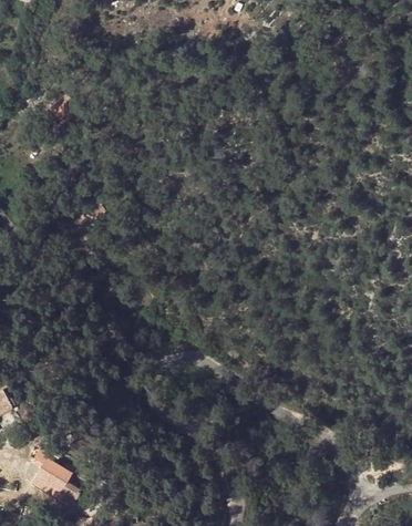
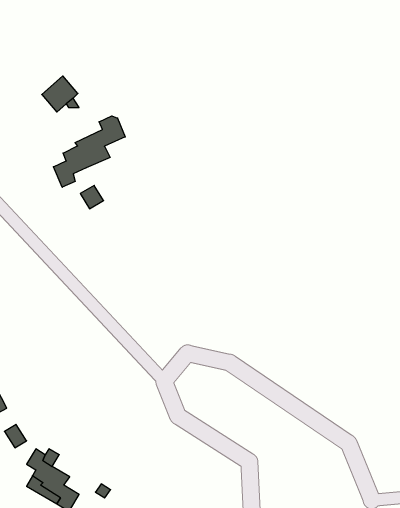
building: none -> [53,116,125,187]

